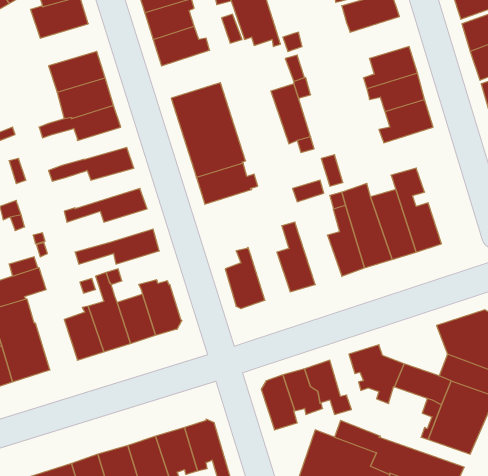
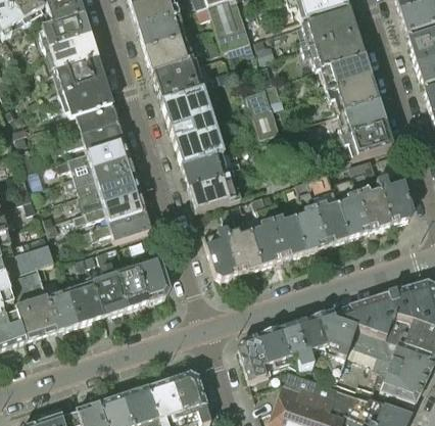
building: none -> [300,30,364,67]
building: none -> [50,36,98,72]
building: none -> [154,63,200,99]
building: none -> [51,124,124,152]
building: none -> [342,124,391,156]
building: none -> [59,158,135,193]
building: none -> [377,172,412,223]
building: none -> [190,177,242,209]
building: none -> [75,193,146,222]
building: none -> [267,200,306,257]
building: none -> [223,215,262,271]
building: none -> [46,287,82,330]
building: none -> [338,292,396,335]
building: none -> [296,317,325,352]

